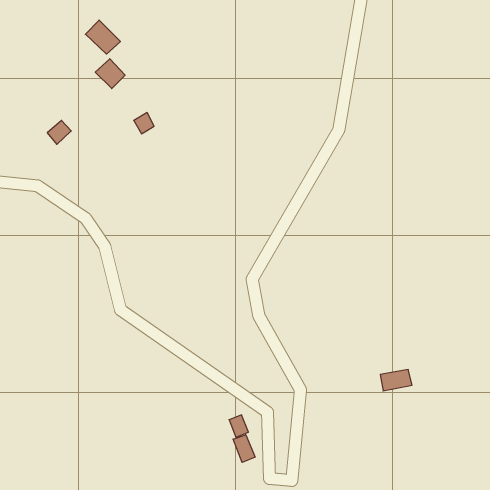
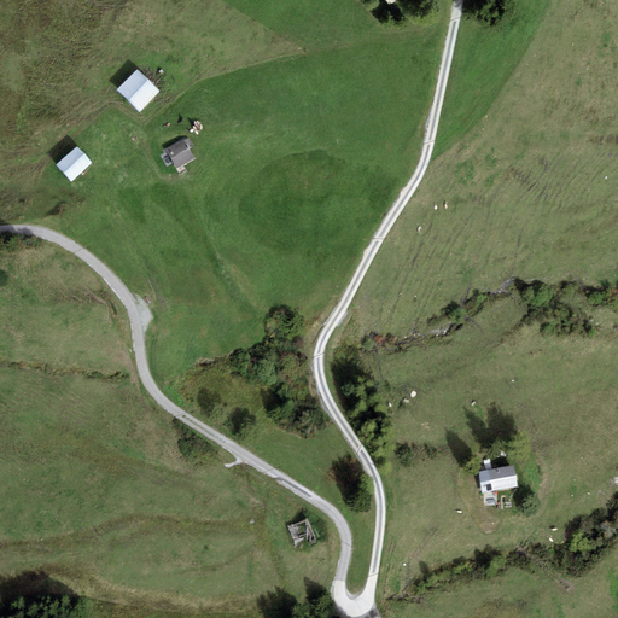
building: [85,20,120,54] -> none
building: [233,435,255,462] -> none

